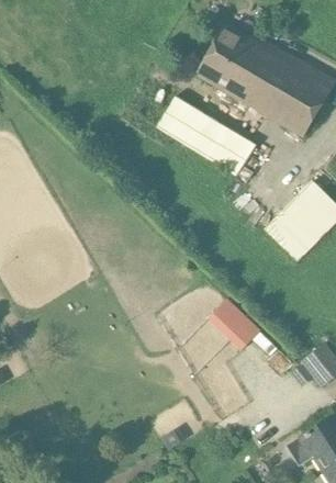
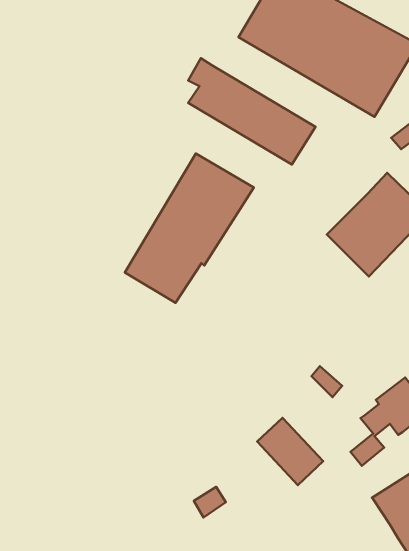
building: none -> [125,153,254,303]
building: [205,296,257,349] -> [257,418,323,485]

